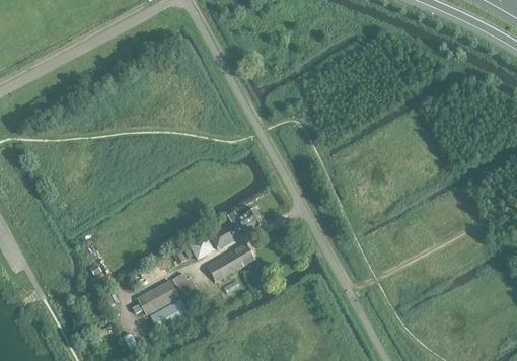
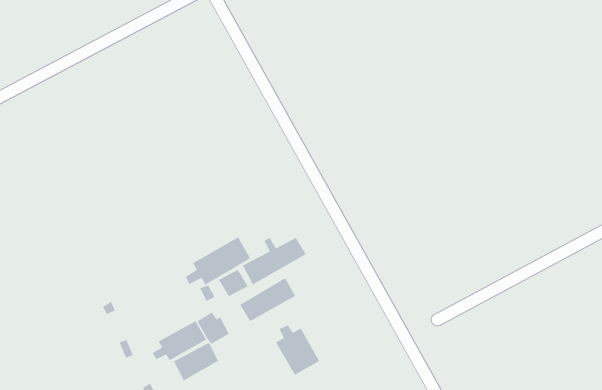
building: none -> [185,236,252,286]
building: none -> [275,324,320,376]

